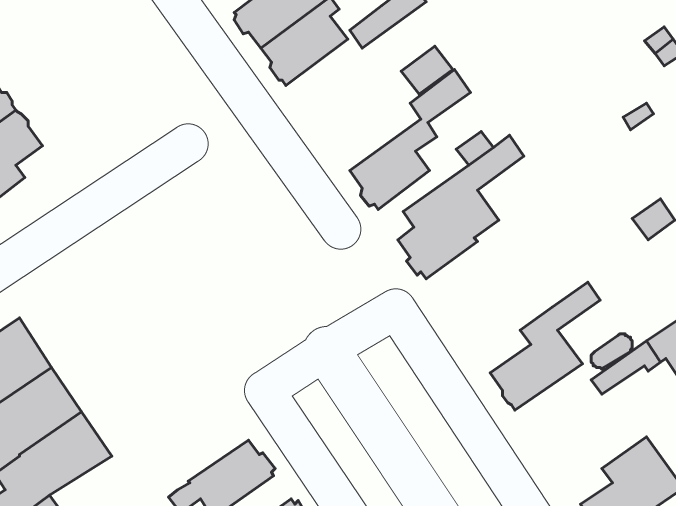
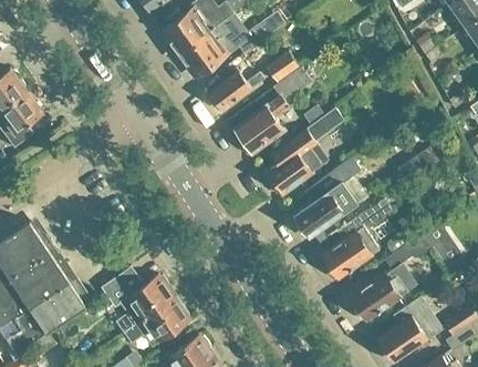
building: none -> [208,72,264,112]
building: none -> [293,160,367,244]
building: none -> [351,272,408,320]
building: none -> [107,276,172,334]

